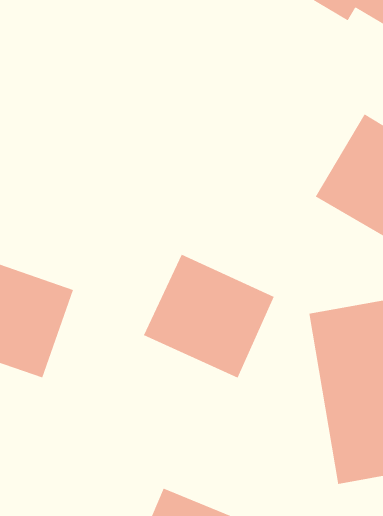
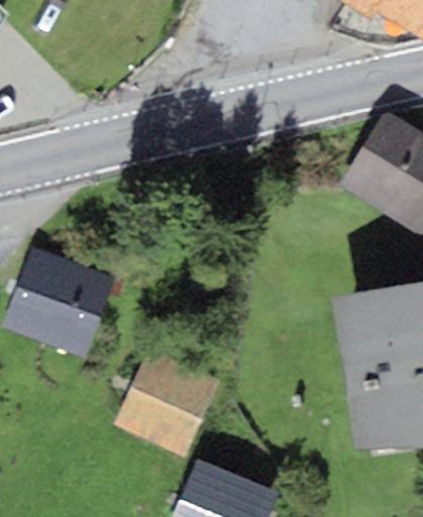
building: [143,254,274,378] -> none
building: none -> [114,347,219,455]

